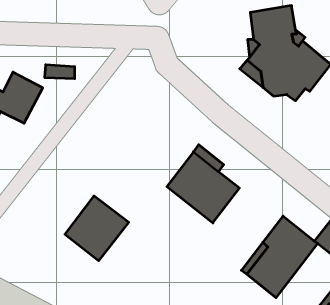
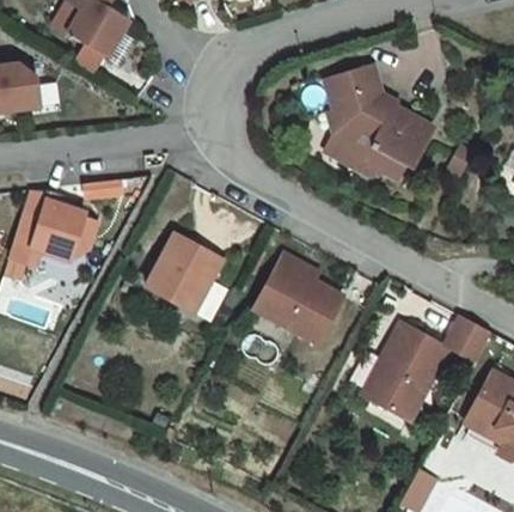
building: [65,196,129,261] -> [149,233,225,311]

